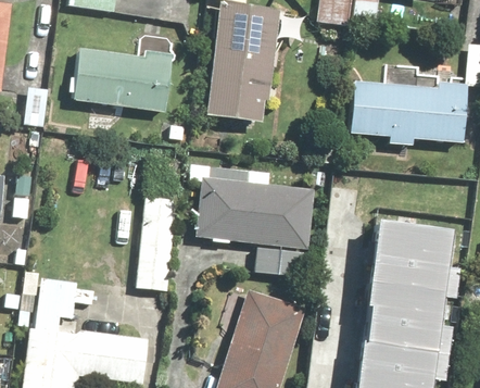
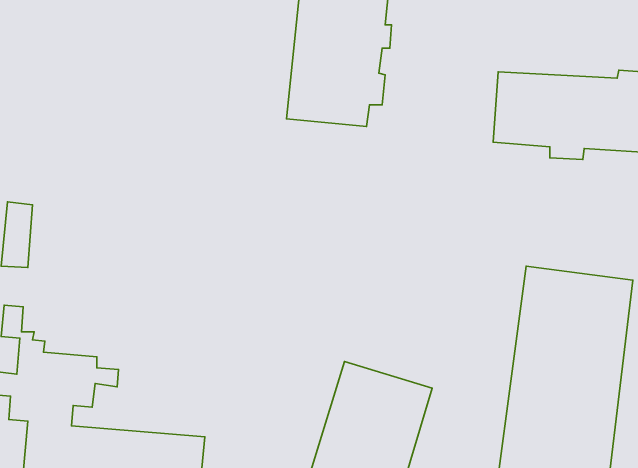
building: [70,48,173,111] -> none
building: [190,162,317,276] -> none
building: [132,195,175,290] -> none

